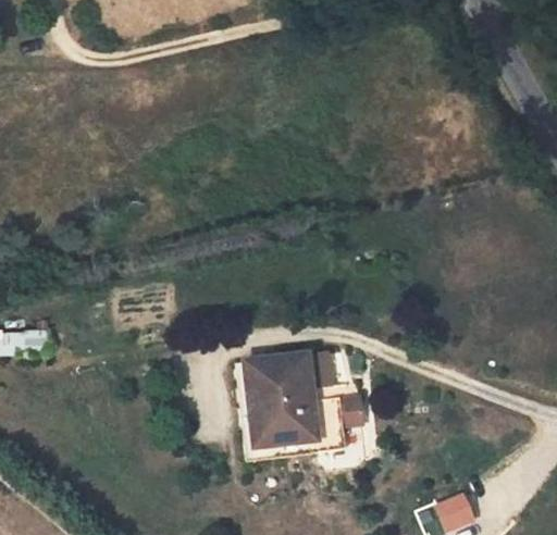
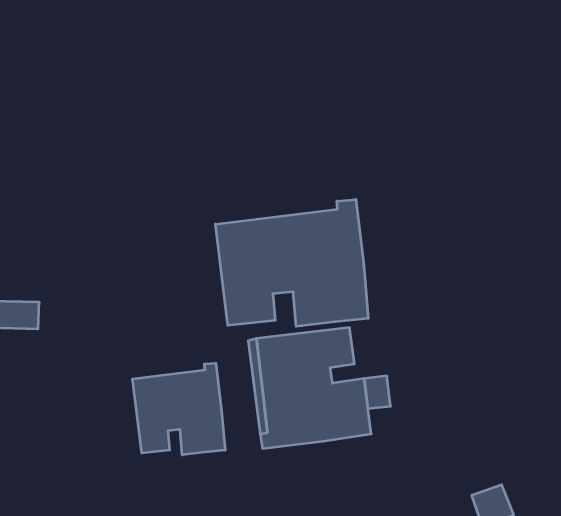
building: none -> [215,199,368,326]
building: none -> [133,363,225,455]

